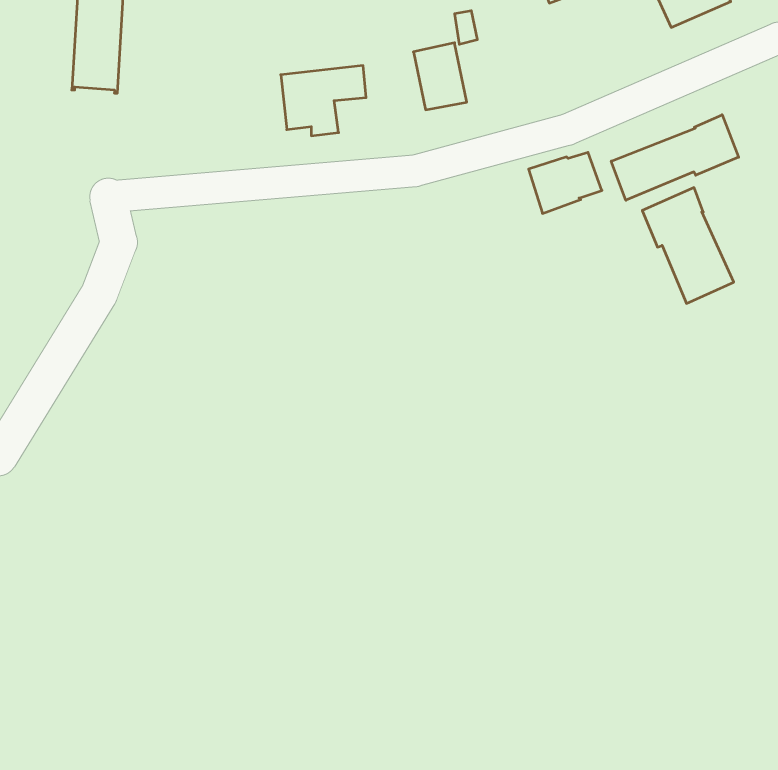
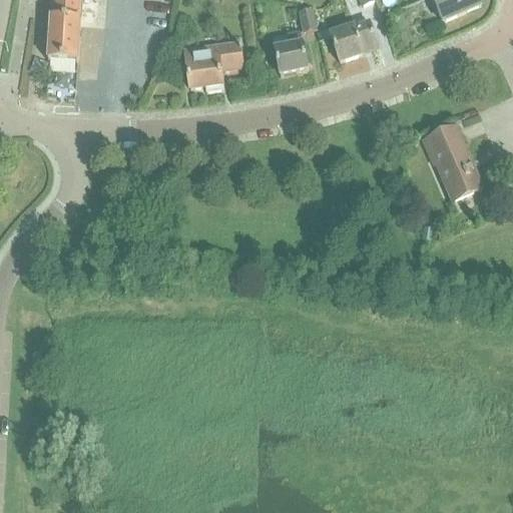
building: [611,115,739,200] -> none
building: [529,152,602,213] -> [329,20,377,60]

